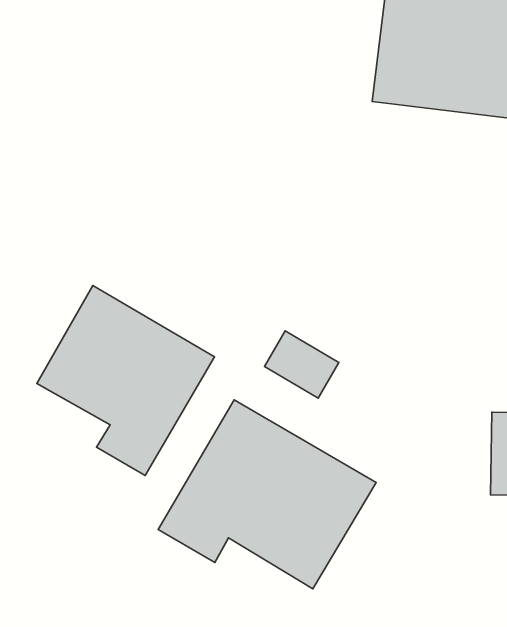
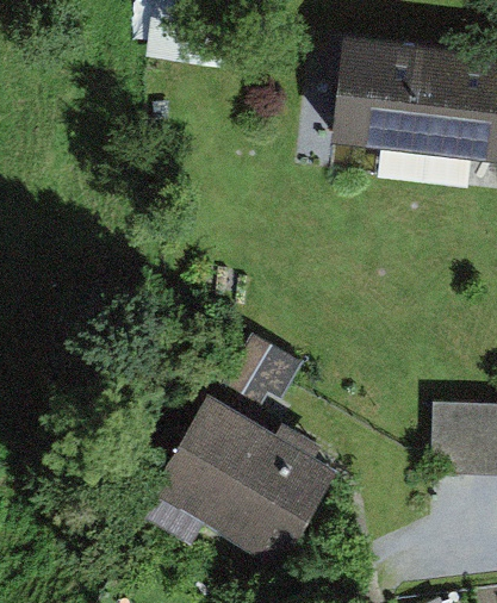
building: [37,285,214,475] -> none

